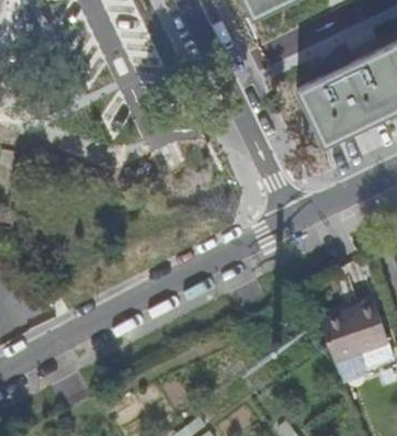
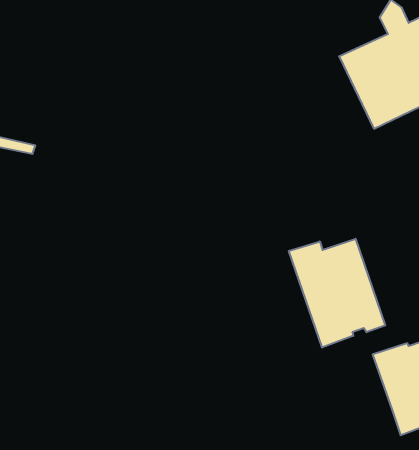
building: none -> [289,239,385,348]

